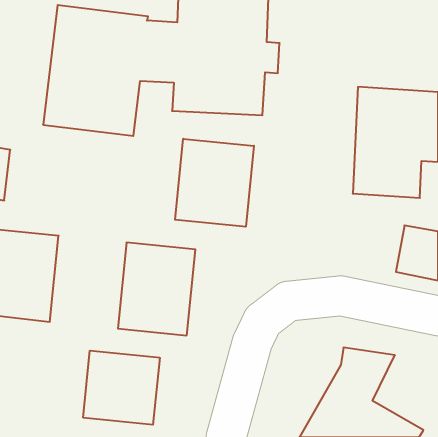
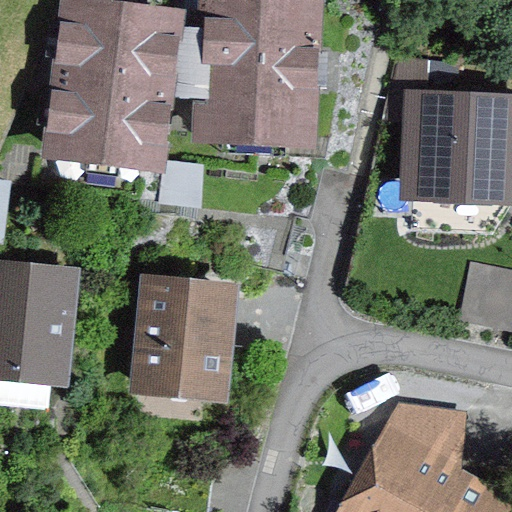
building: [175,139,254,227] -> none
building: [83,351,160,425] -> none

